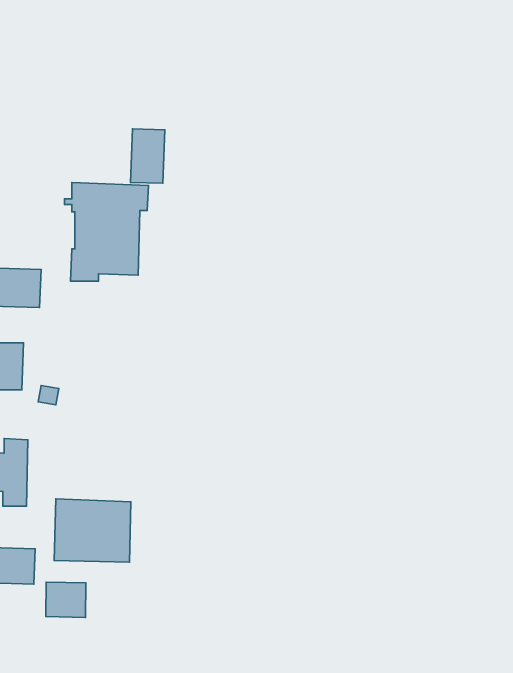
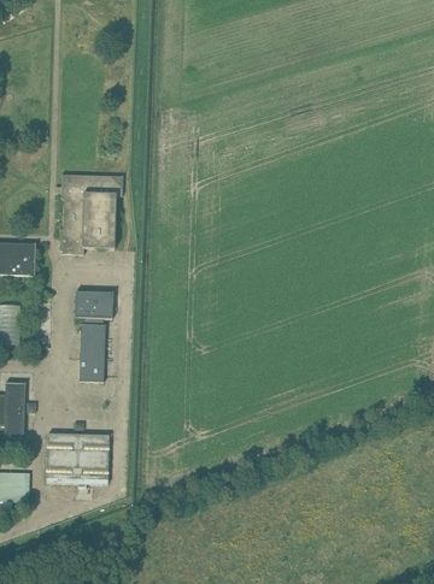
building: [130,129,165,183] -> none
building: none -> [75,289,112,379]
building: [46,582,86,618] -> none

